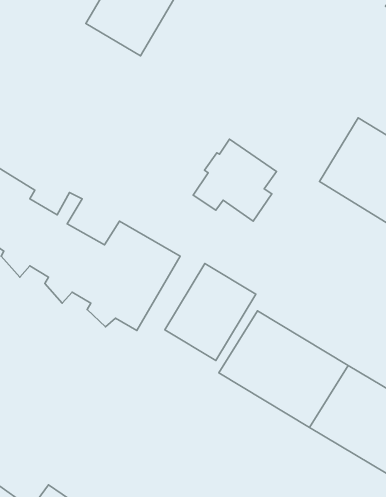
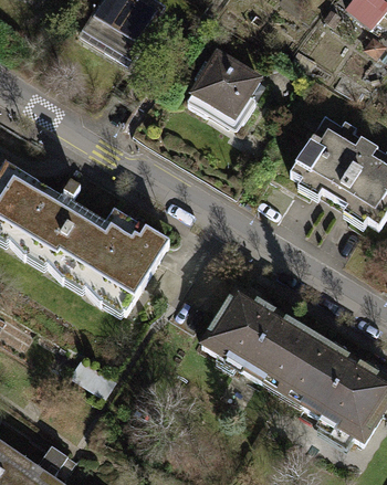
building: [193,139,277,221] -> [186,51,260,124]
building: [165,263,256,361] -> none

